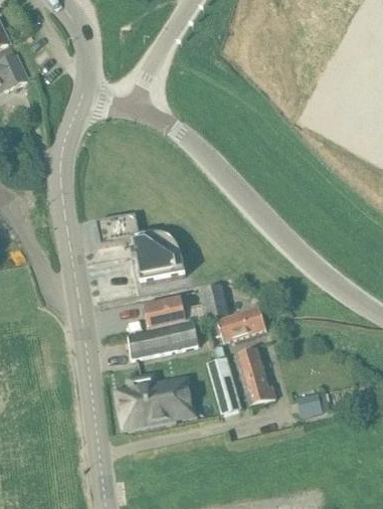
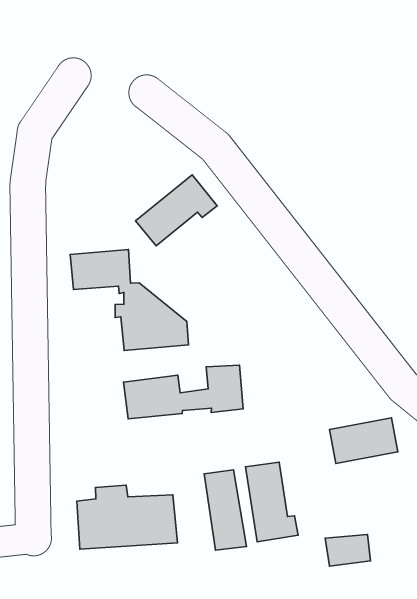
building: none -> [135,175,217,246]
building: [216,305,265,341] -> [329,418,398,464]
building: [128,320,198,358] -> none

